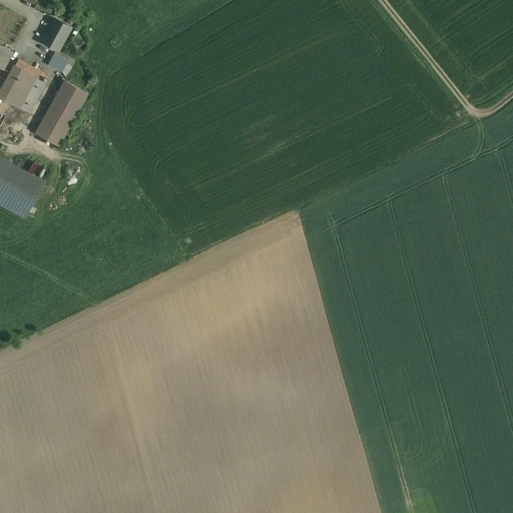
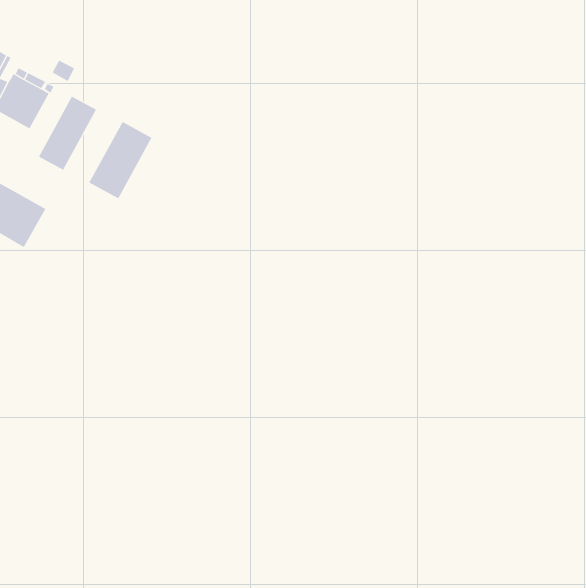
building: [39,17,68,49] -> none
building: none -> [89,121,152,199]

